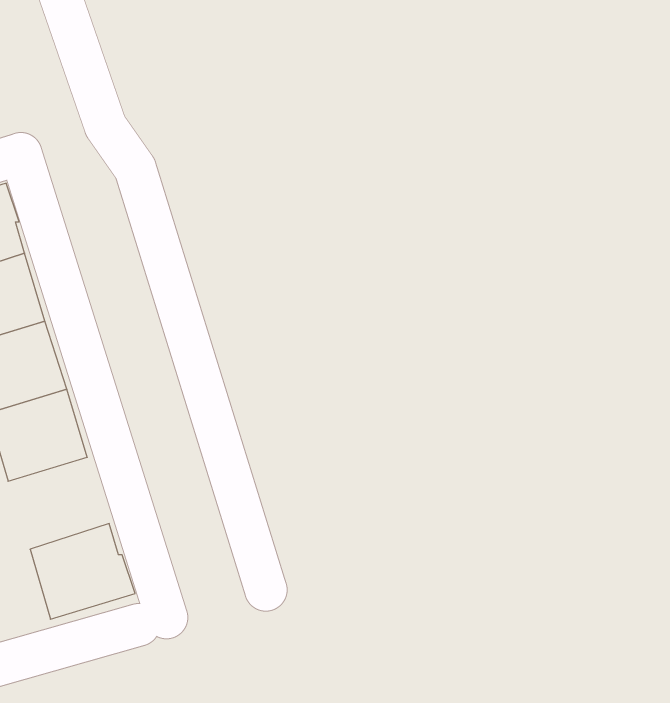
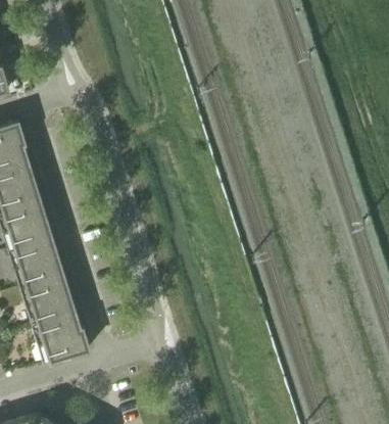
building: none -> [18,272,75,323]

